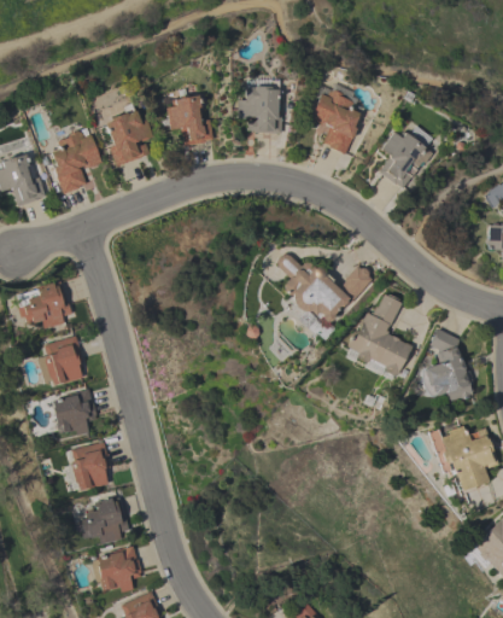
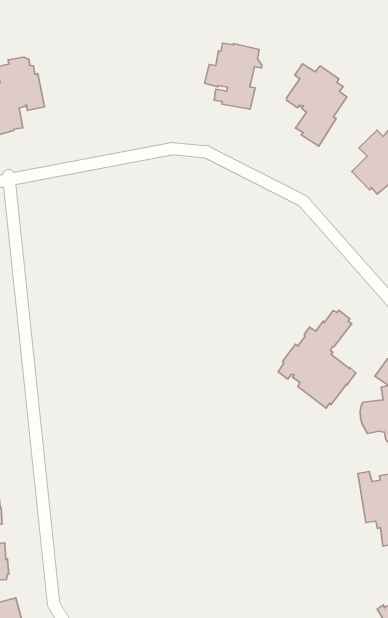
building: [166,95,214,146] -> none
building: [106,110,154,167] -> none
building: [276,253,373,339] -> none

